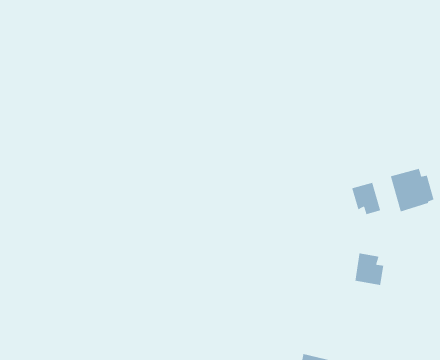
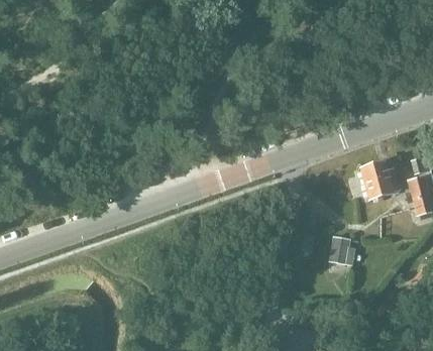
building: [351,182,381,215] -> none

